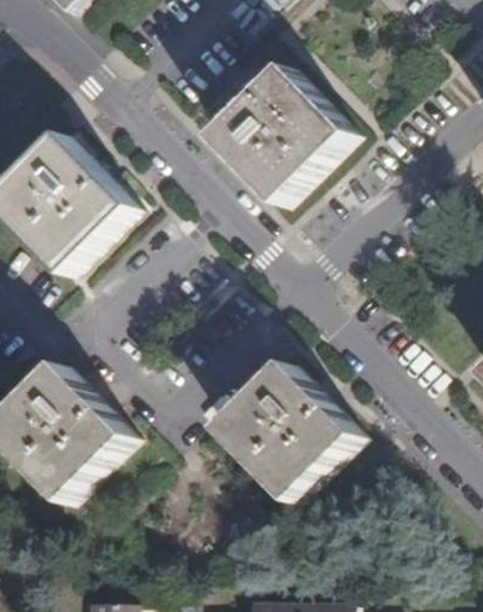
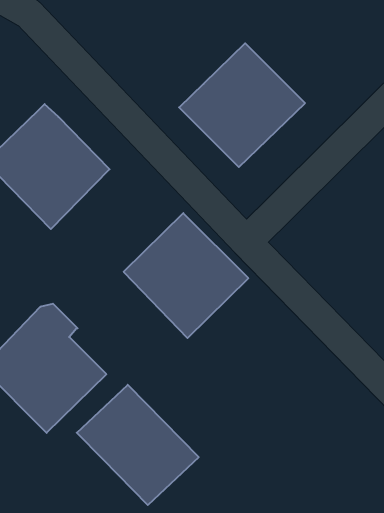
building: [213,362,353,502] -> [124,213,248,338]
building: none -> [77,385,199,505]

